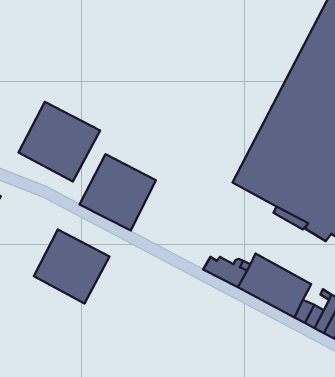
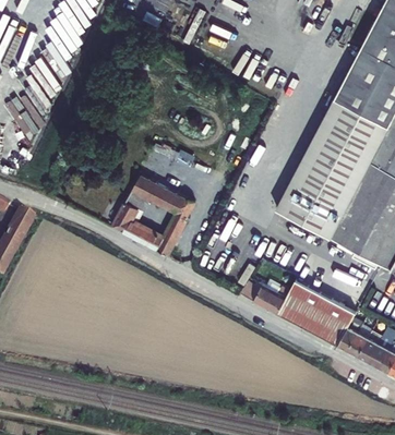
building: [19,102,100,182] -> none
building: [34,229,110,303] -> none

